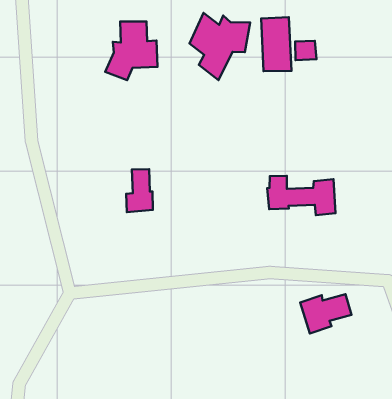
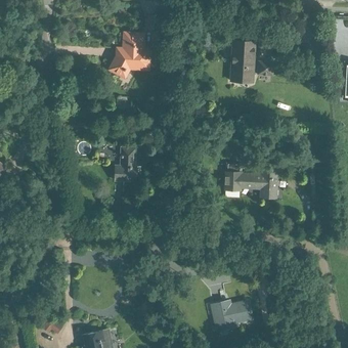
building: [189,13,250,80] -> none
building: [300,294,351,333] -> [212,301,251,330]

